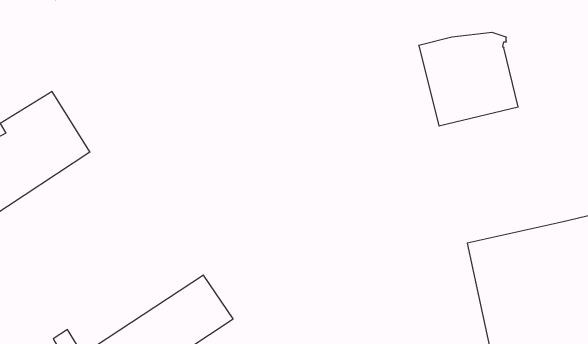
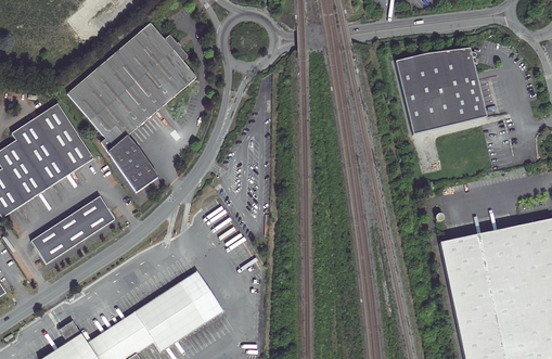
building: none -> [65,24,194,194]
building: none -> [31,195,115,264]

